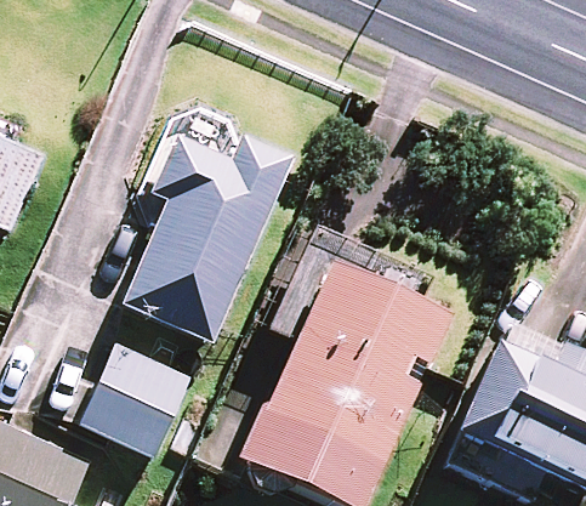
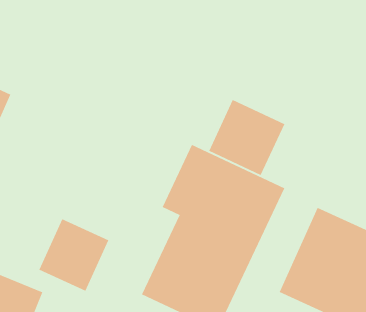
building: [124,138,289,343] -> none
building: none -> [208,99,285,176]

